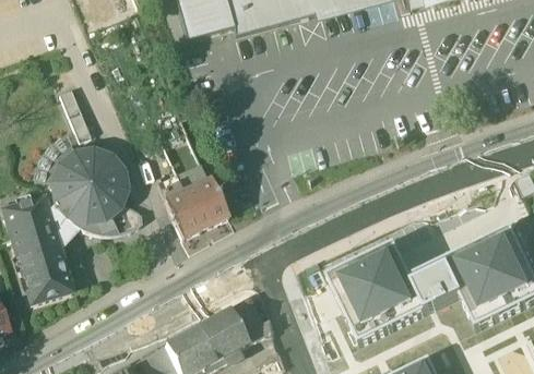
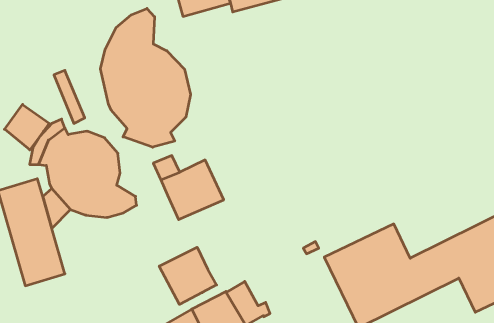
building: none -> [100,8,191,147]
building: none -> [4,104,49,150]
building: none -> [159,247,217,304]

